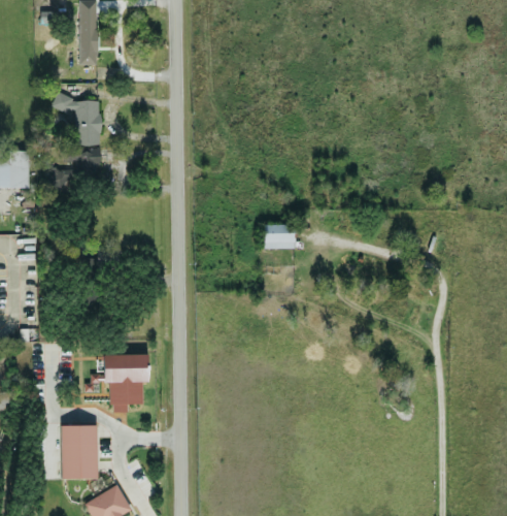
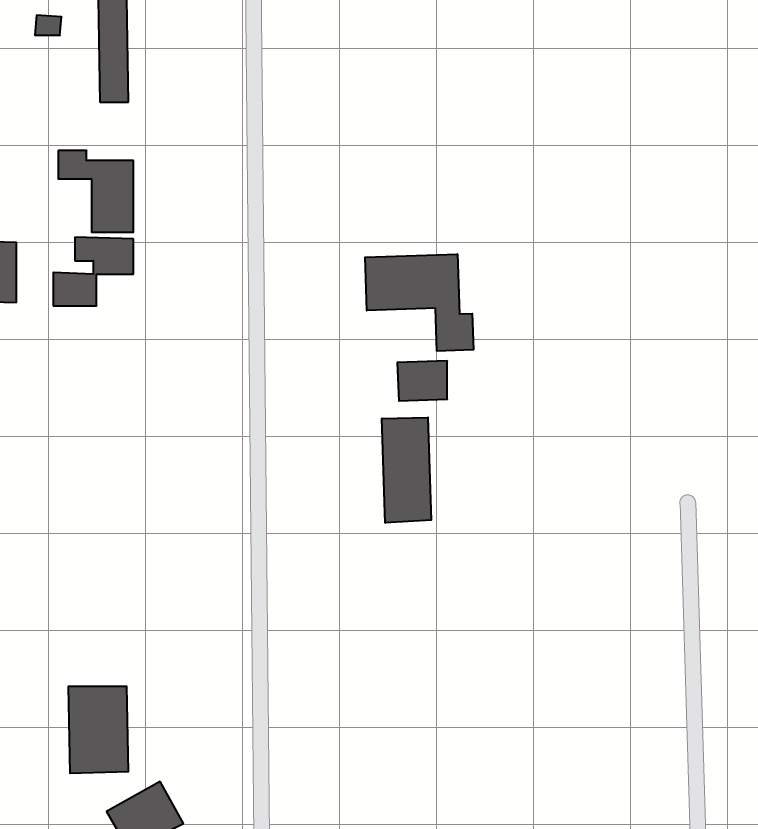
building: none -> [365,254,473,351]
building: none -> [382,417,431,523]
building: [84,355,147,413] -> none

